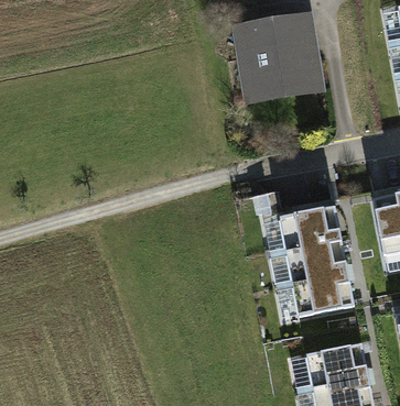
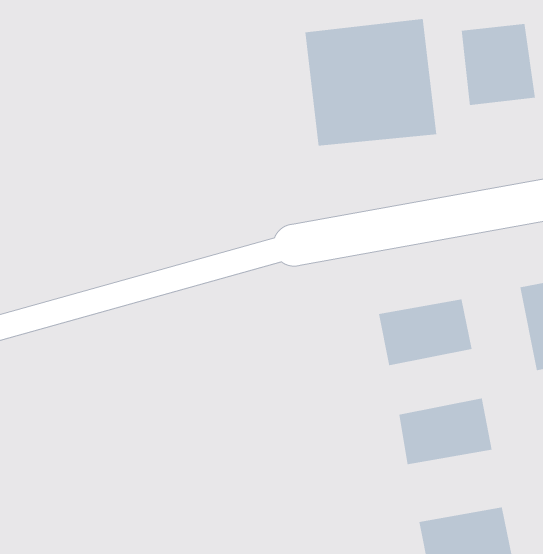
building: none -> [461,23,535,106]
building: [287,240,348,283] -> none

